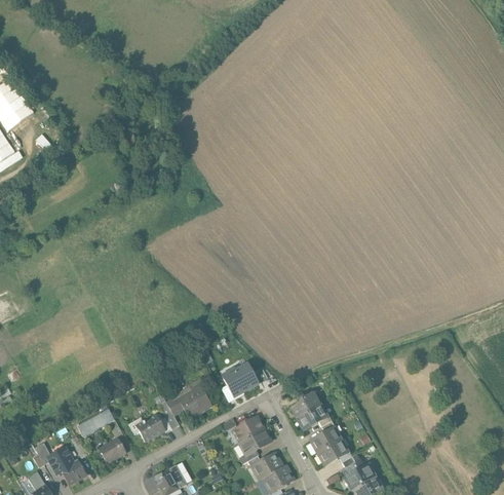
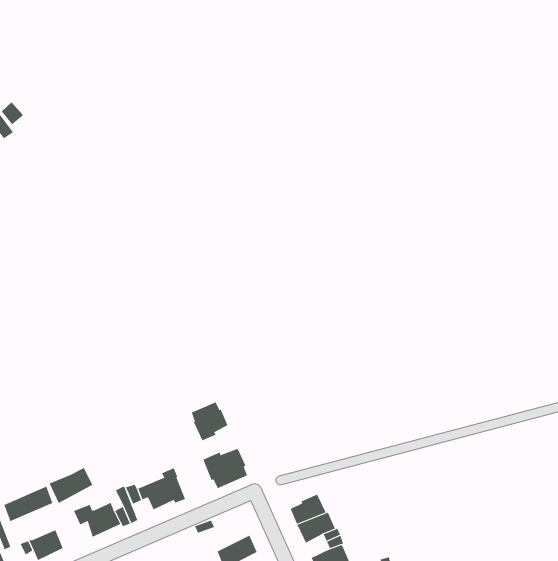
building: none -> [191,401,228,441]
building: none -> [49,467,93,504]
building: [233,415,263,442] -> none

